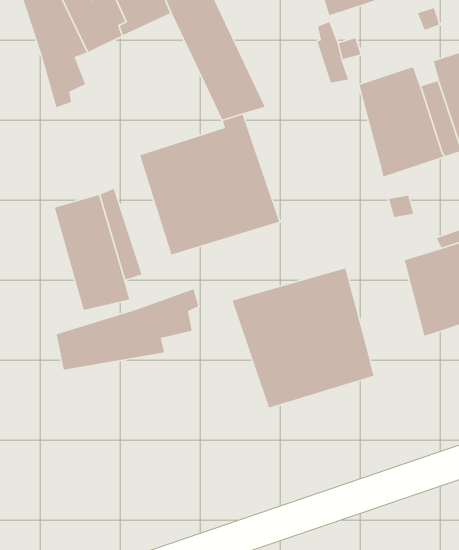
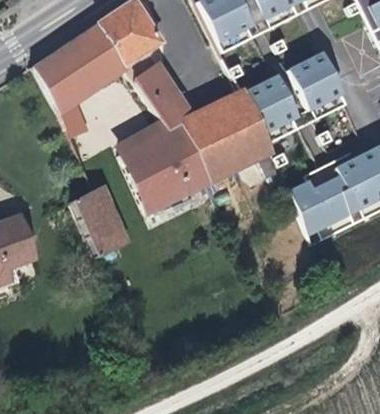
building: [232,267,374,408] -> [179,90,271,181]
building: [56,288,199,370] -> none

